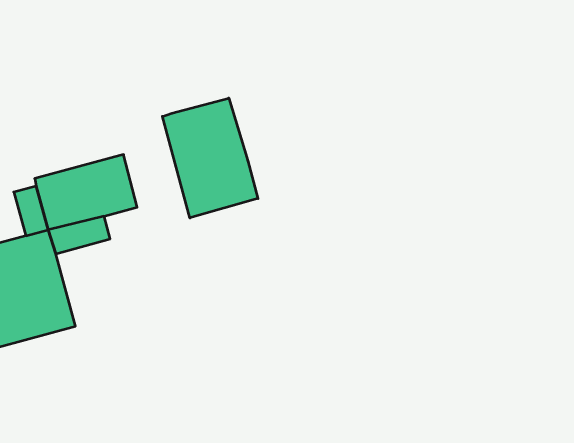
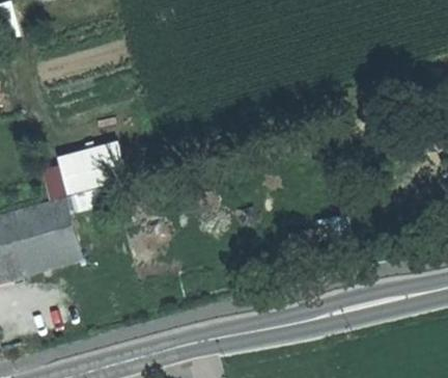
building: [162,98,258,218] -> none

